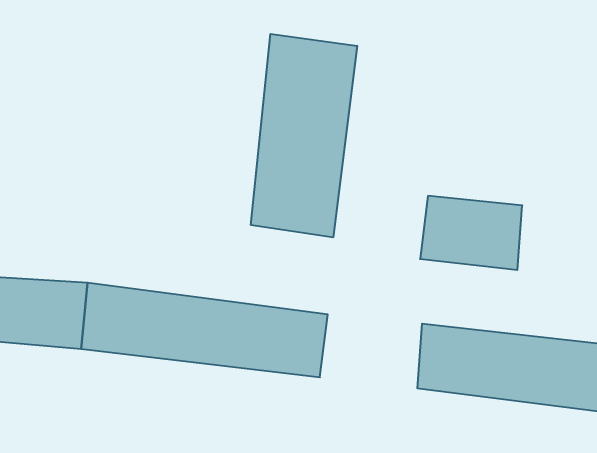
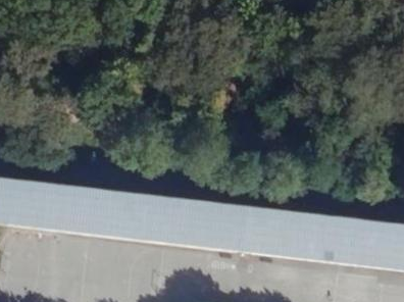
building: [251,34,357,237] -> none
building: [420,196,522,270] -> [212,205,279,253]

